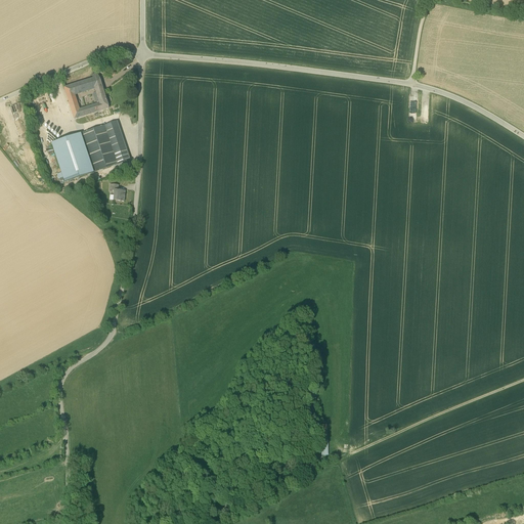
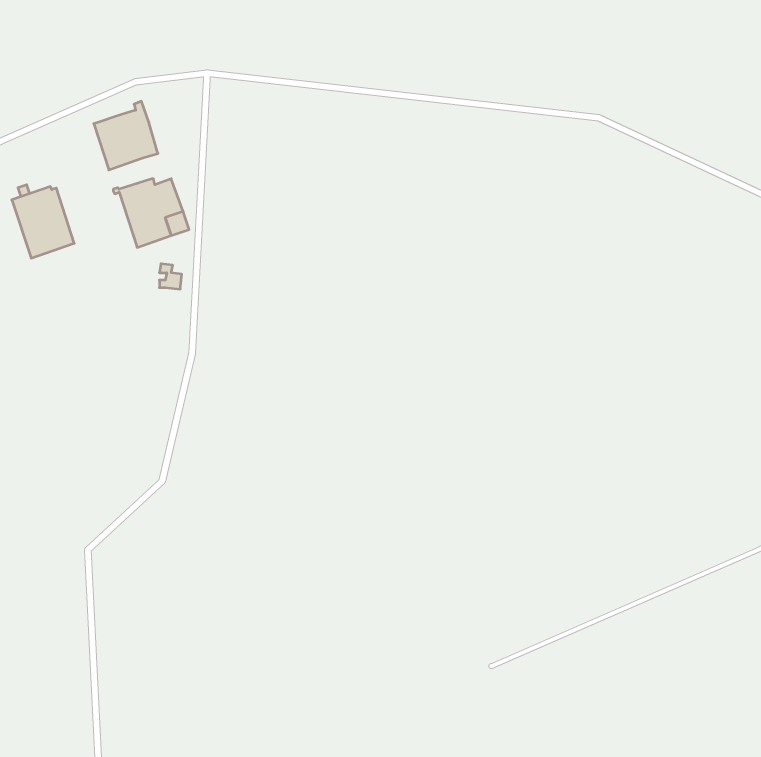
building: [51,131,94,180] -> [12,187,74,258]

